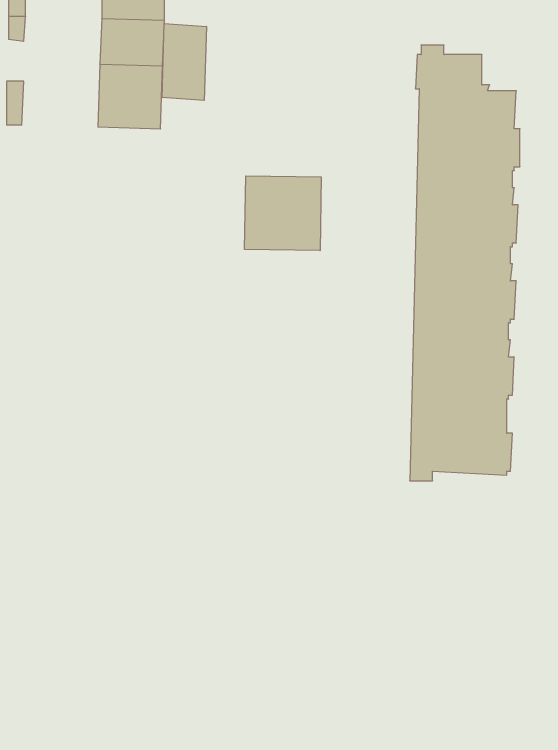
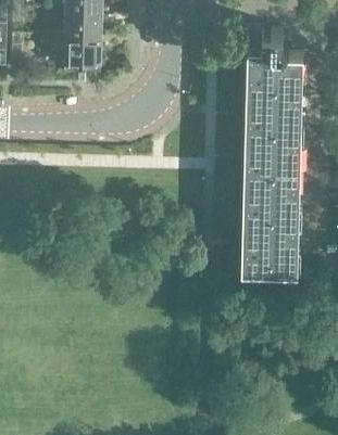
building: [162,24,206,100] -> none
building: [245,176,321,251] -> none

